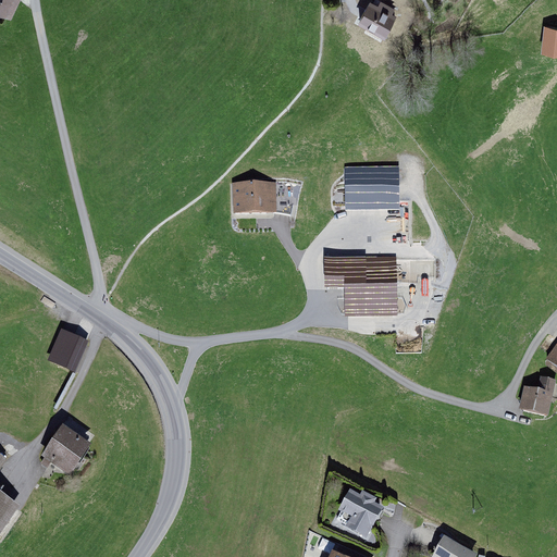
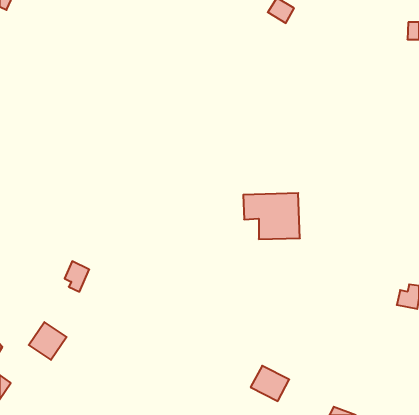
building: [346,162,401,209] -> none
building: [231,182,275,213] -> none
building: [54,332,87,372] -> [65,261,89,292]

